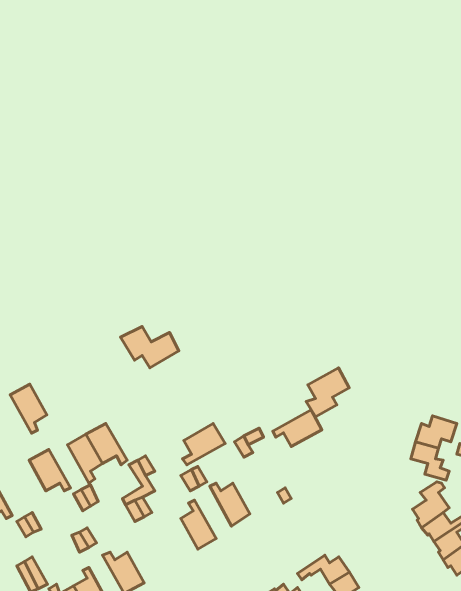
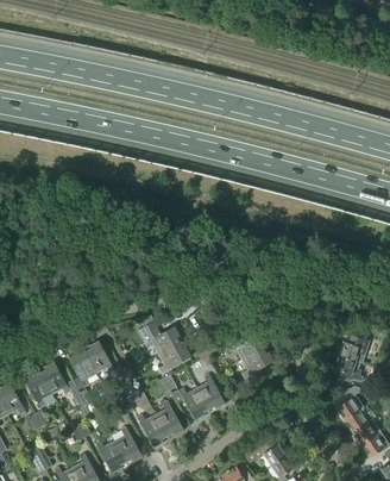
building: [121,326,179,368] -> [136,321,181,354]
building: [306,368,349,417] -> [240,345,273,383]
building: [10,384,47,433] -> [23,369,51,407]
building: none -> [196,373,225,411]
building: none -> [137,413,169,446]
building: none -> [114,426,143,464]

